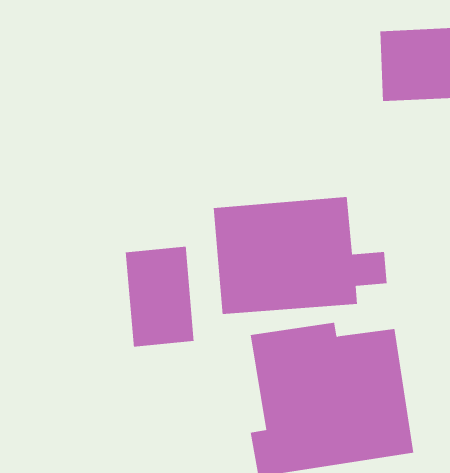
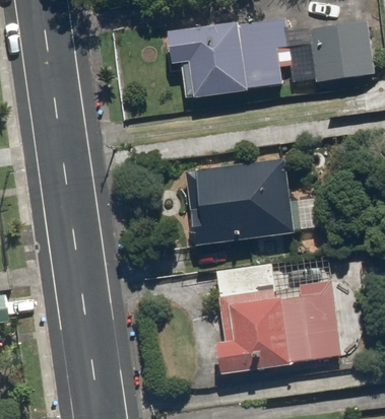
building: none -> [156,20,291,100]
building: [125,246,194,348] -> none

